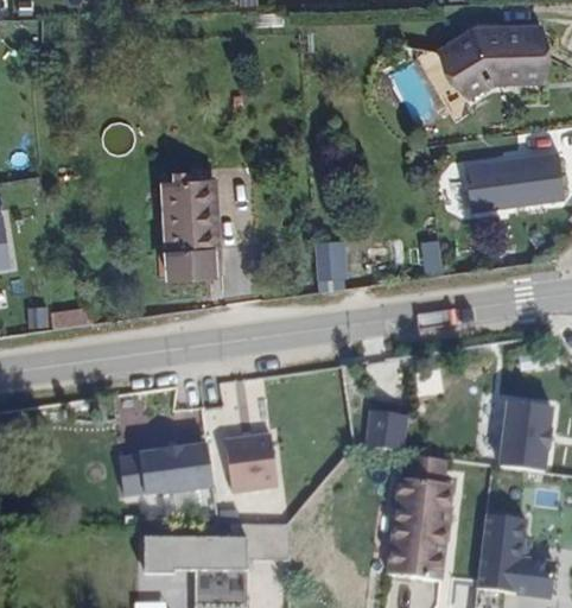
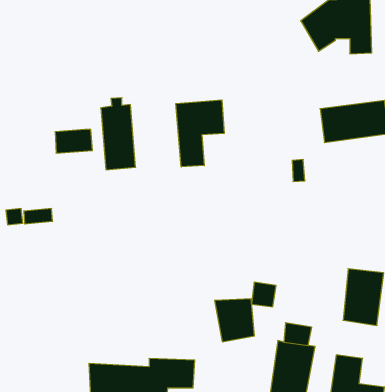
building: none -> [176,100,224,167]
building: [312,243,349,283] -> none
building: [165,252,217,285] -> [55,129,92,153]
building: [221,432,277,493] -> [215,299,254,342]
building: [125,441,211,496] -> none

